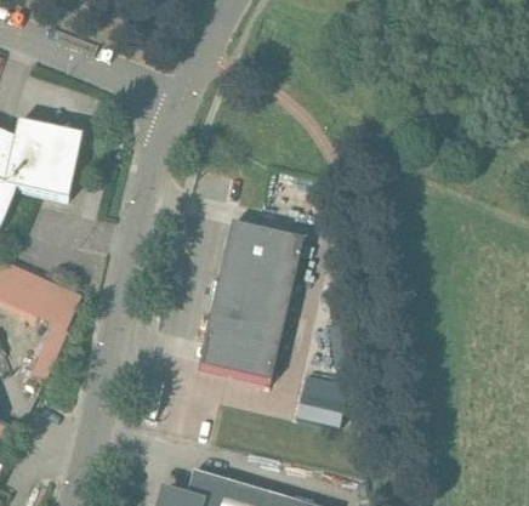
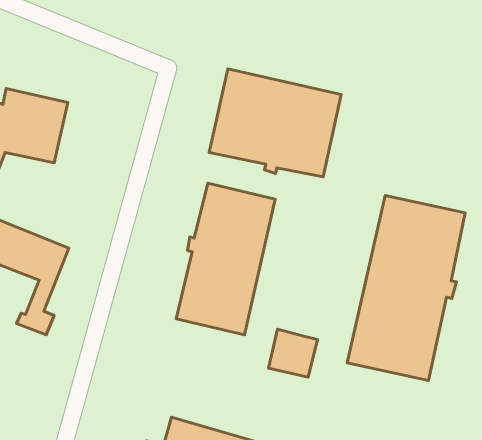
building: none -> [209,69,341,177]
building: none -> [347,195,465,381]

